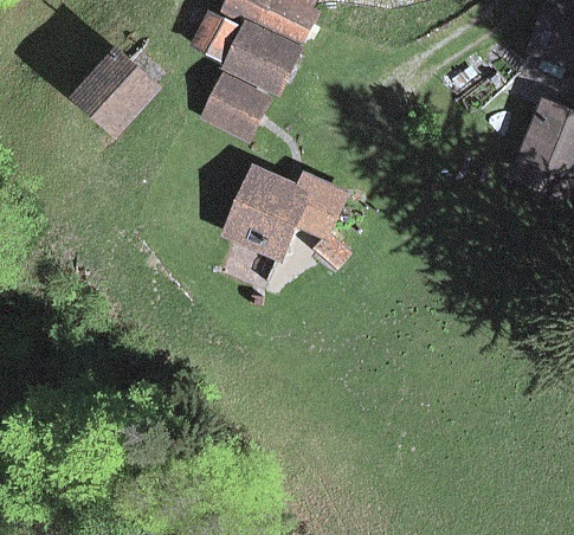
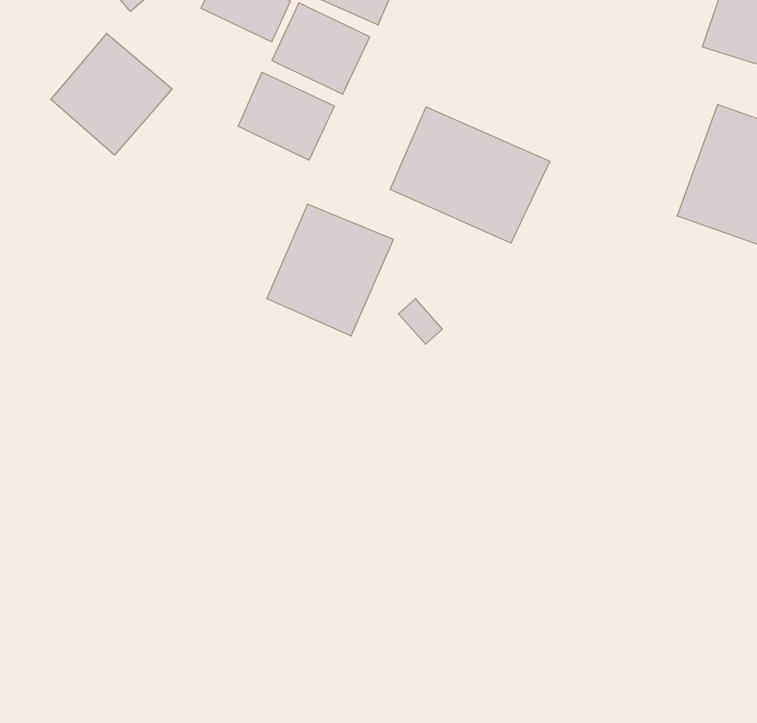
building: none -> [390,107,550,243]

